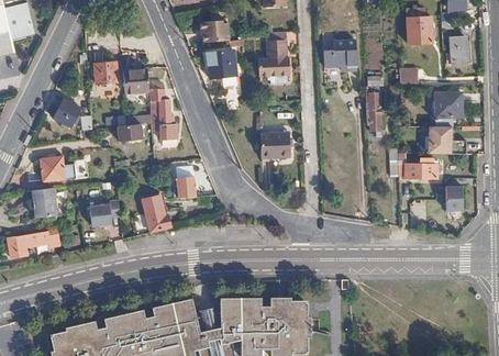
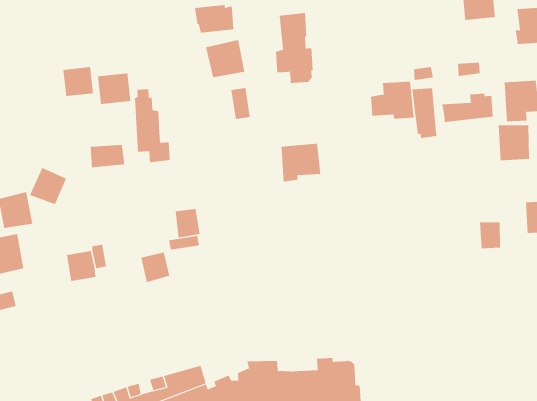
building: [322,46,355,75] -> [370,81,414,119]
building: [54,98,84,127] -> [29,167,67,205]
building: [398,158,437,179] -> [441,93,494,123]

